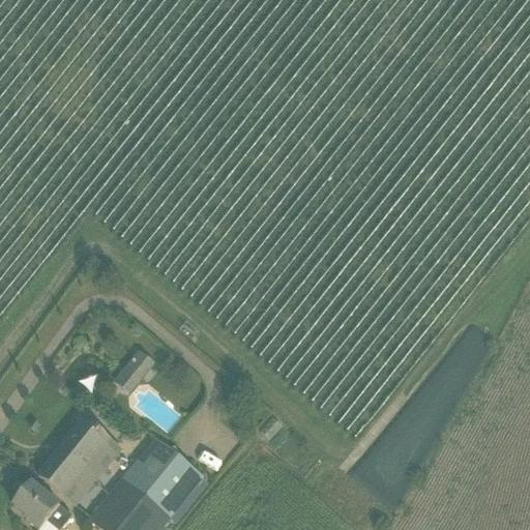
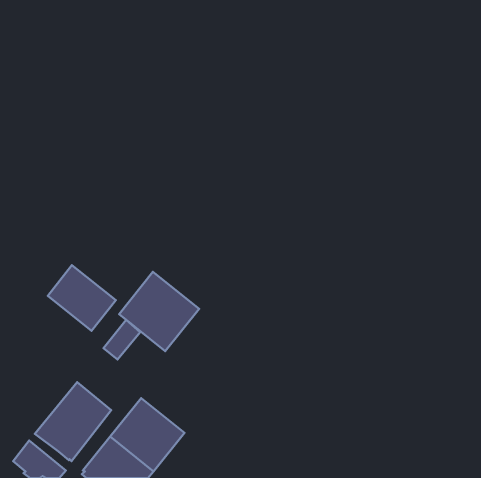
building: none -> [48,265,116,331]
building: none -> [119,272,199,351]

